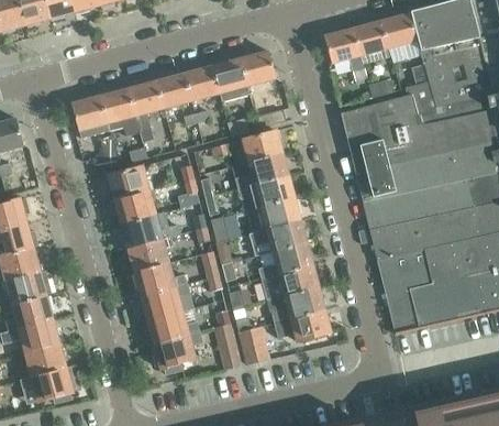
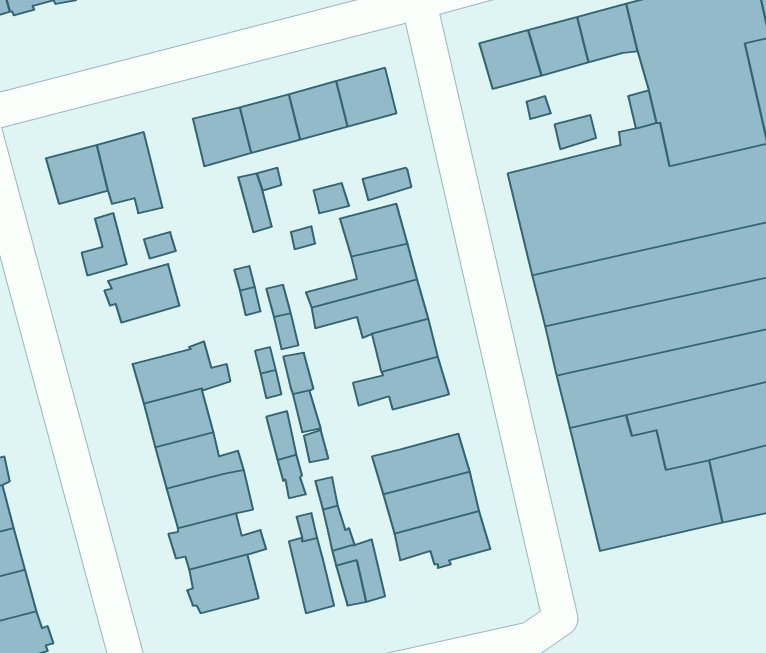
building: [129,80,164,142] -> none
building: [115,189,156,223] -> none
building: [259,241,312,277] -> none

